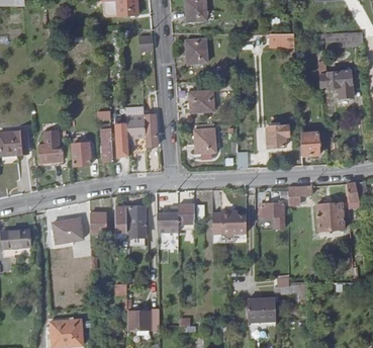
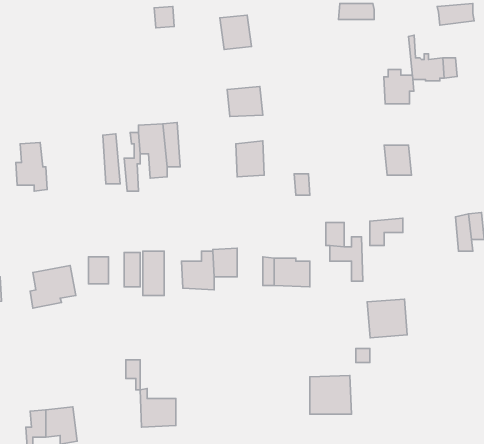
building: [268,121,289,146] -> [384,70,414,104]
building: [72,144,91,166] -> none
building: [320,203,349,231] -> [367,299,407,338]

